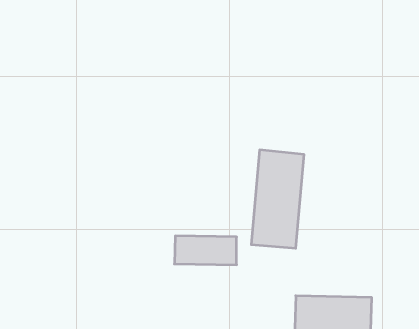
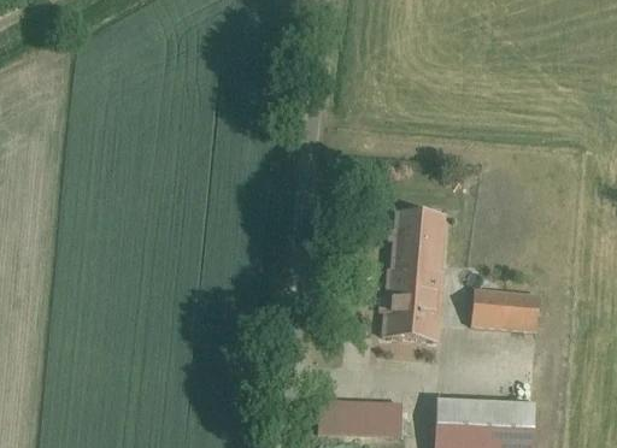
building: none -> [470,289,540,332]
building: [174,236,237,265] -> [322,397,402,435]

